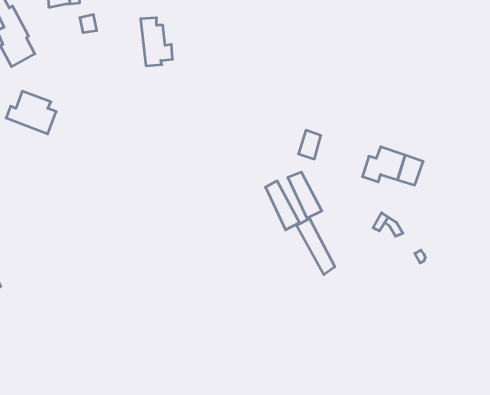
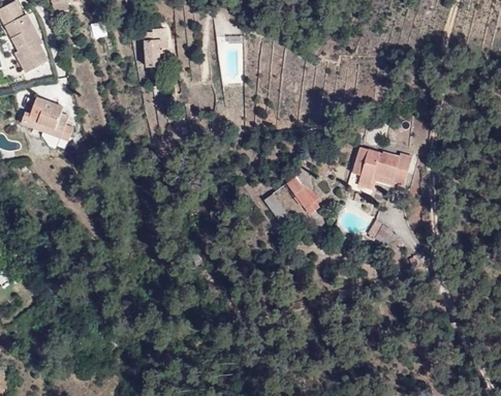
building: [298,130,321,159] -> [347,151,369,179]
building: [296,218,335,275] -> none

